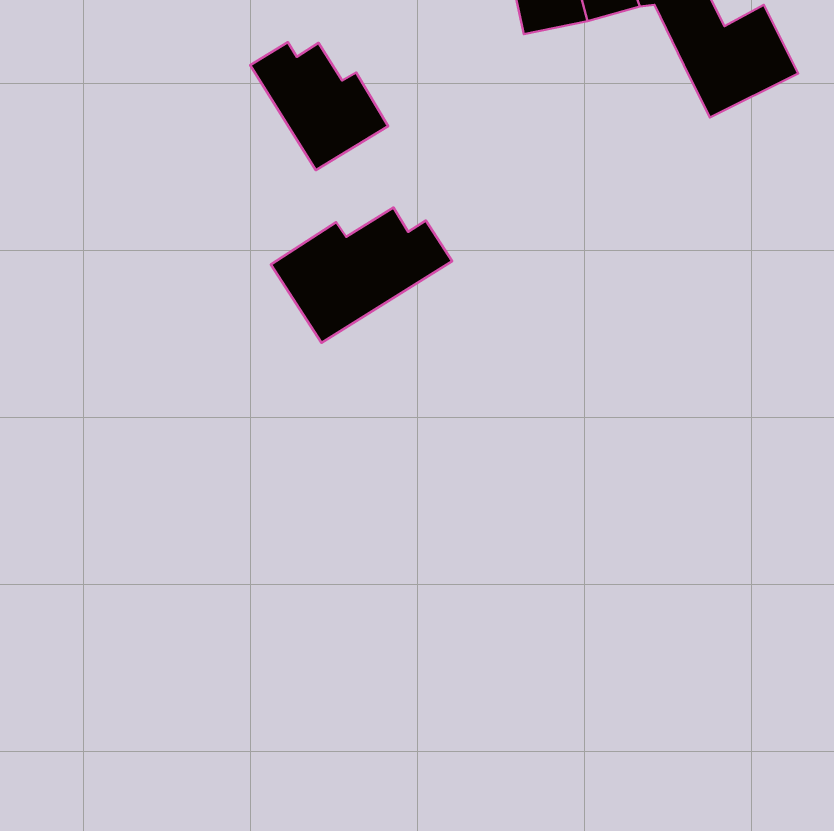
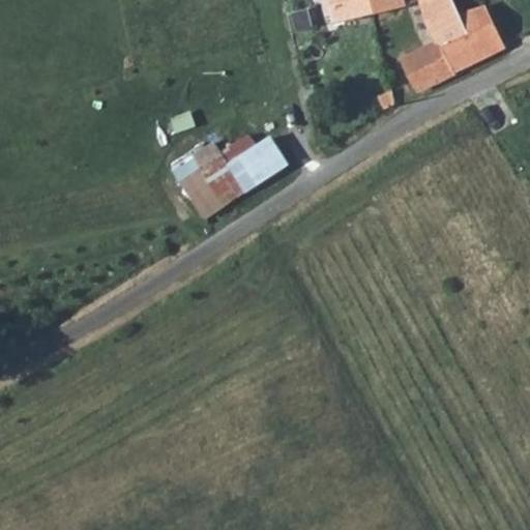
building: [250,42,388,170] -> none
building: none -> [402,41,450,91]

